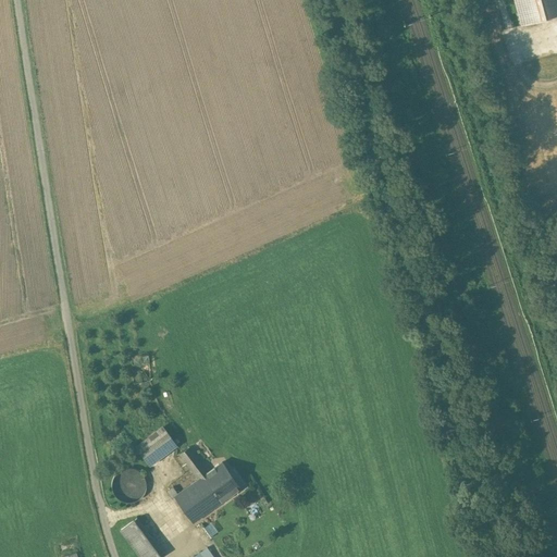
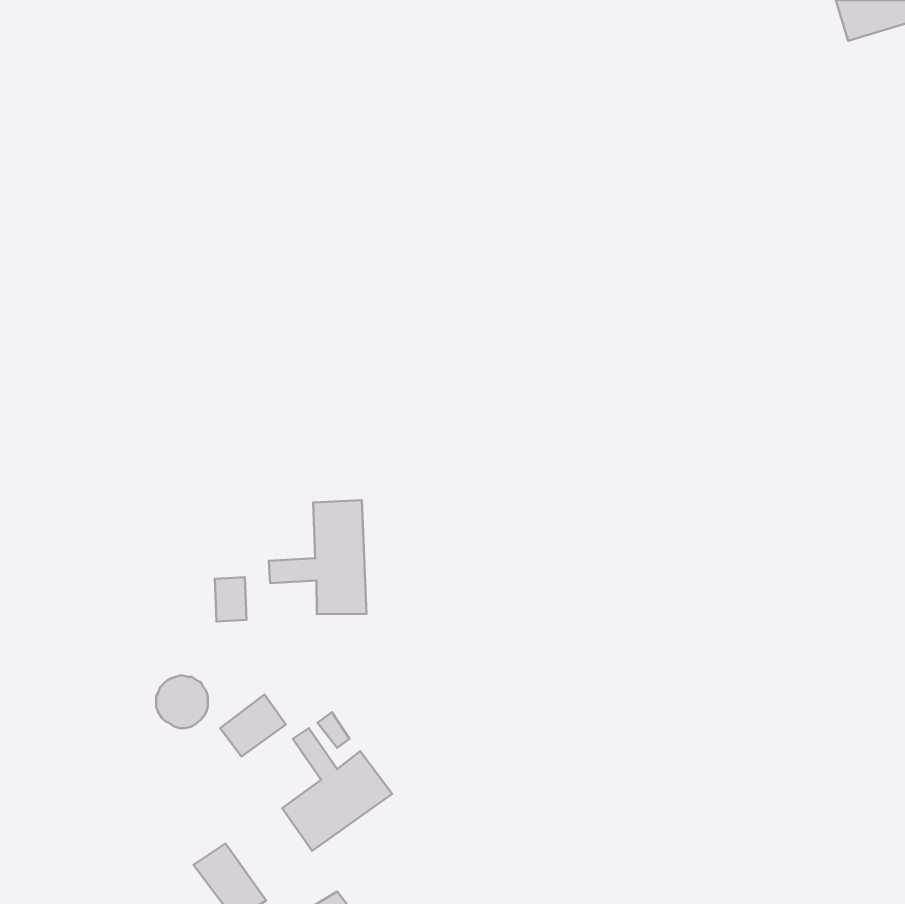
building: none -> [269,500,367,614]
building: [117,471,149,504] -> [156,675,208,728]

